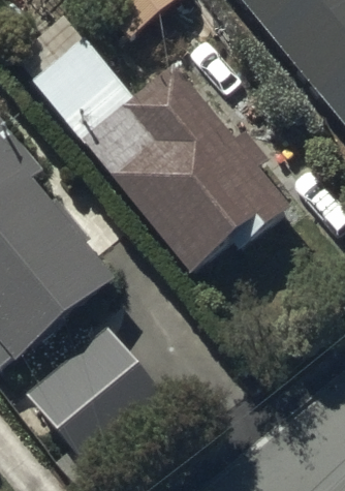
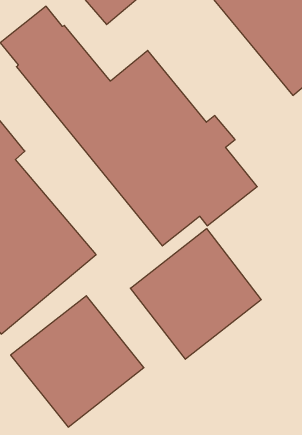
building: none -> [130,229,261,359]

